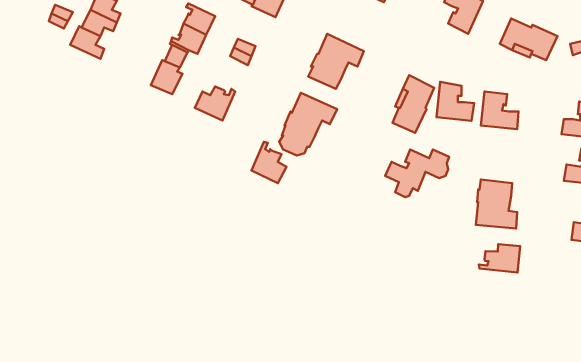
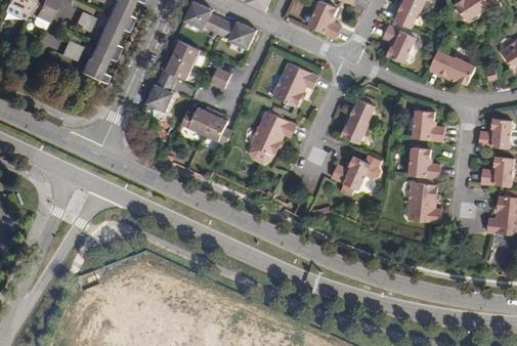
building: [436,82,474,121] -> [410,146,440,178]
building: [251,142,287,183] -> [203,110,231,143]
building: [479,244,520,273] -> none

